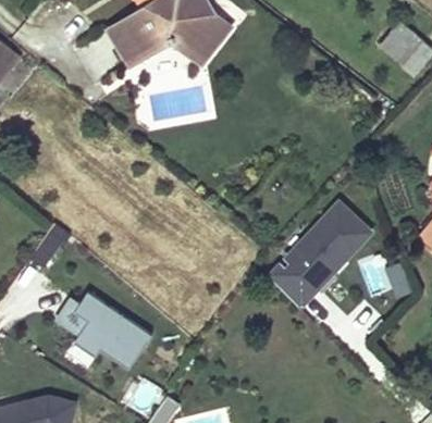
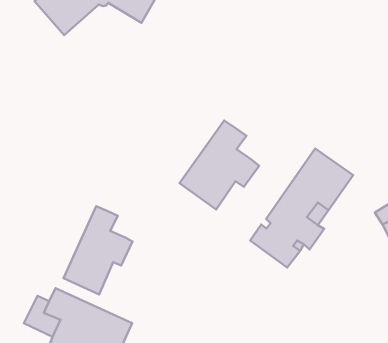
building: none -> [179,121,259,210]
building: none -> [63,206,133,295]

